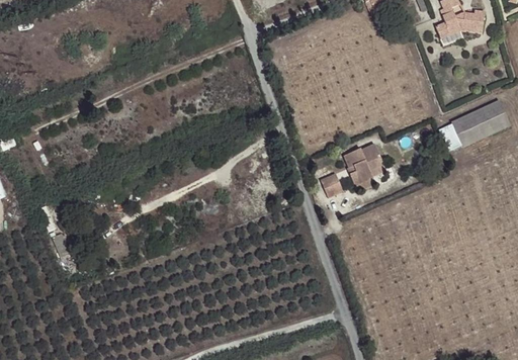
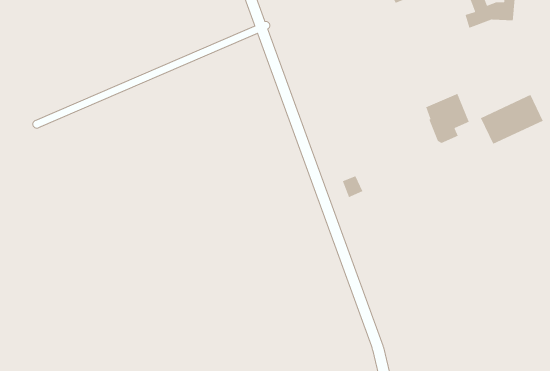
building: [344,143,385,190] -> [425,93,470,144]

